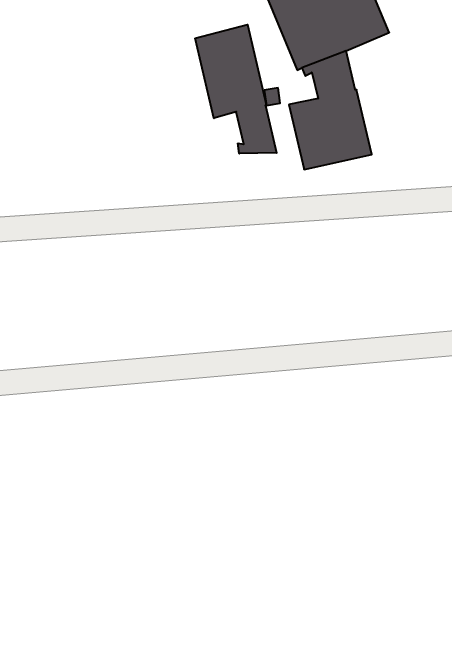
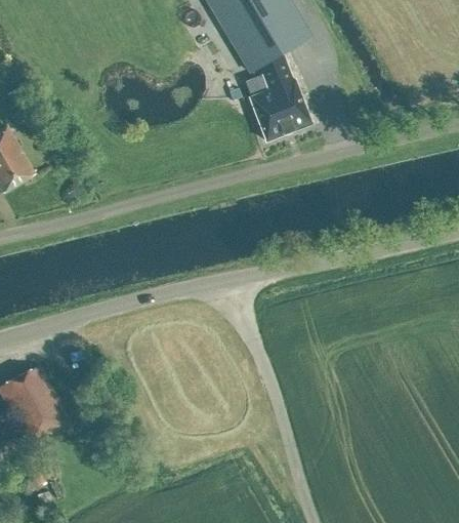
building: [195,25,277,154] -> none

